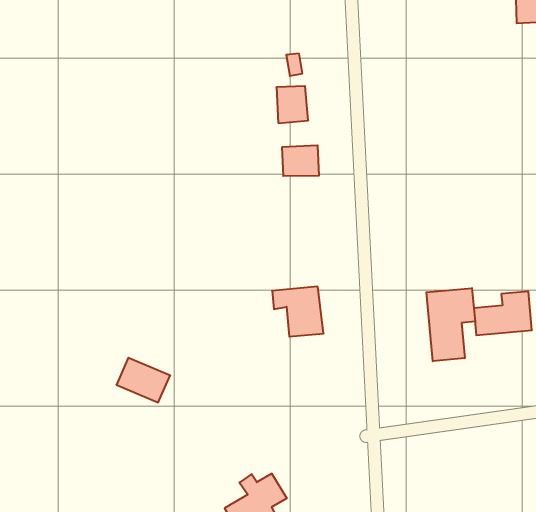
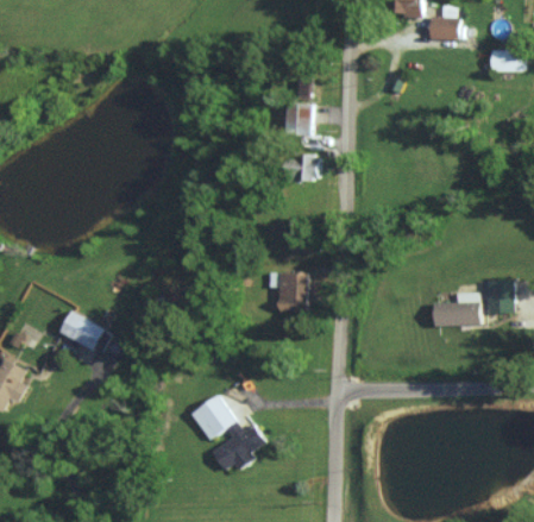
building: [426,288,475,361] -> none
building: [116,358,170,402] -> [58,310,103,350]
building: none -> [190,396,234,439]

